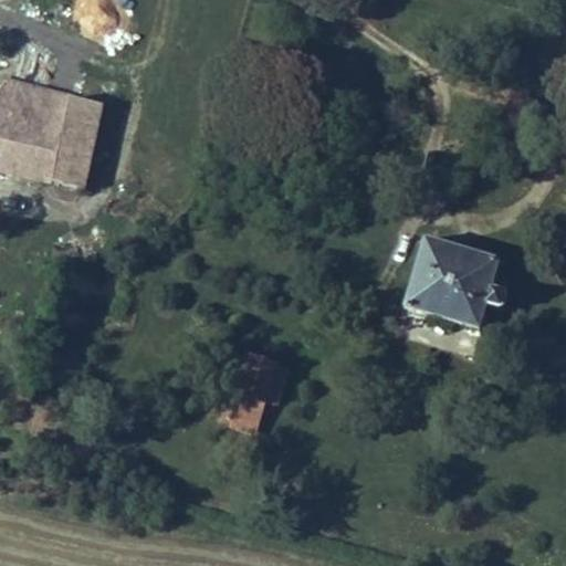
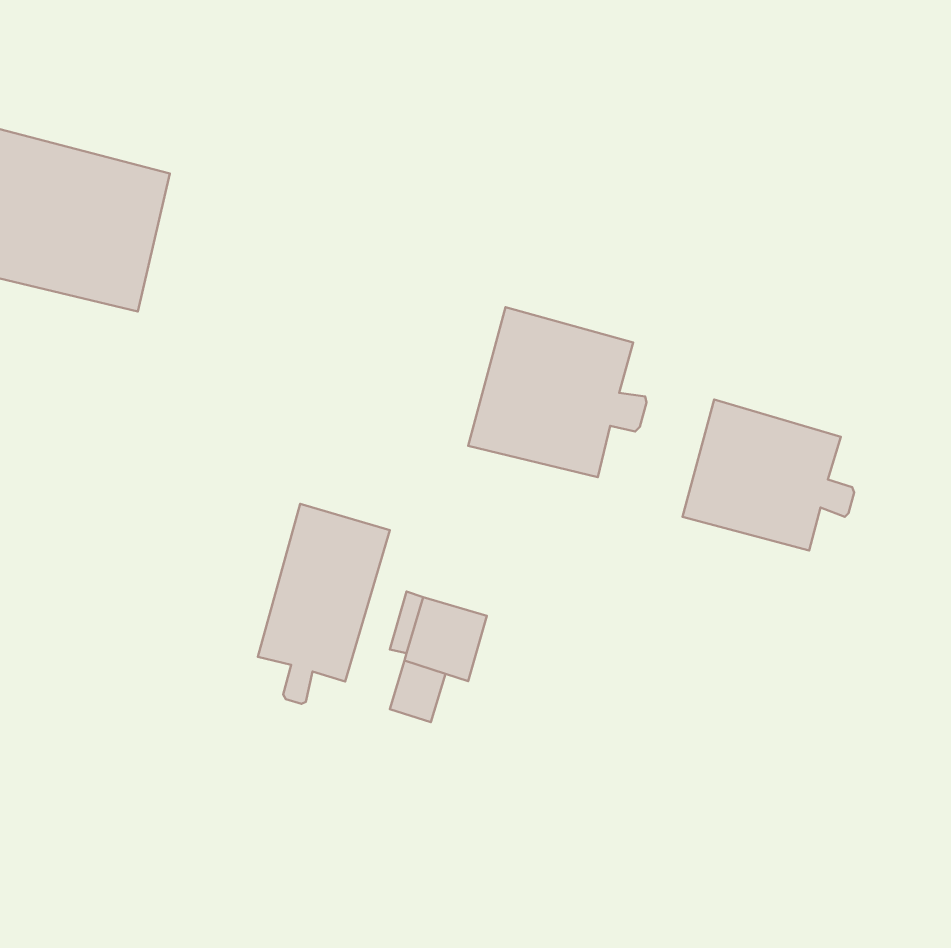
building: none -> [468,307,646,477]
building: none -> [258,504,390,704]

